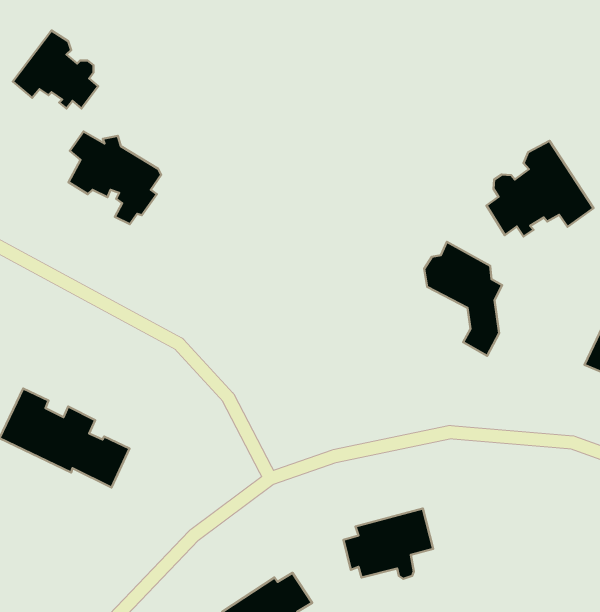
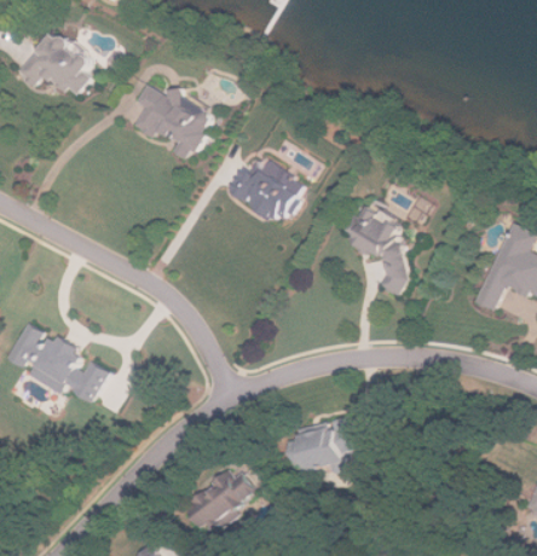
building: [68,131,161,224] -> [133,86,208,161]
building: [487,141,593,237] -> none
building: none -> [229,160,308,220]

